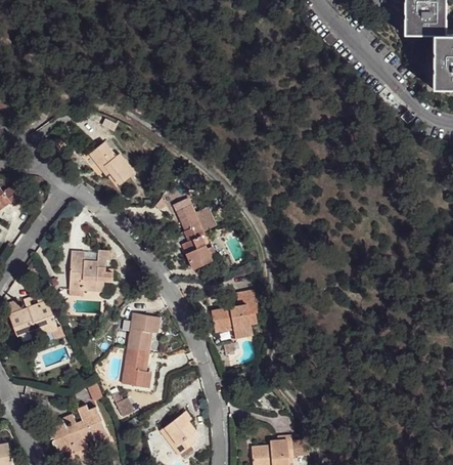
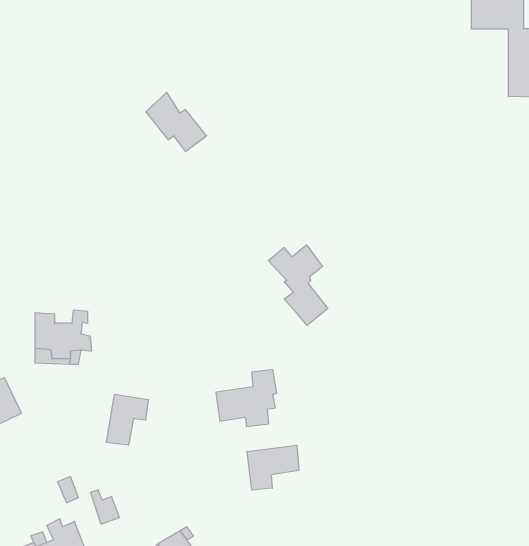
building: [91,138,138,184] -> [146,92,207,152]
building: [162,203,208,265] -> [268,245,328,325]
building: [121,350,148,390] -> none
building: none -> [247,445,299,490]

